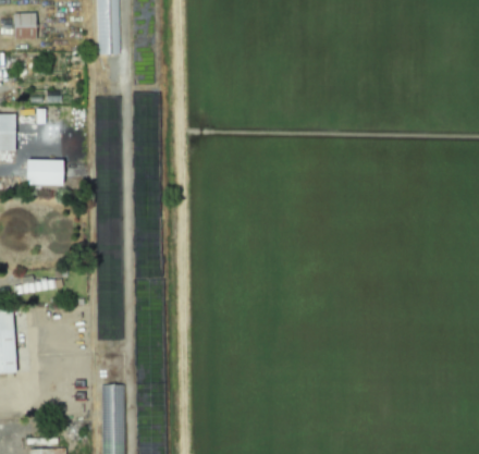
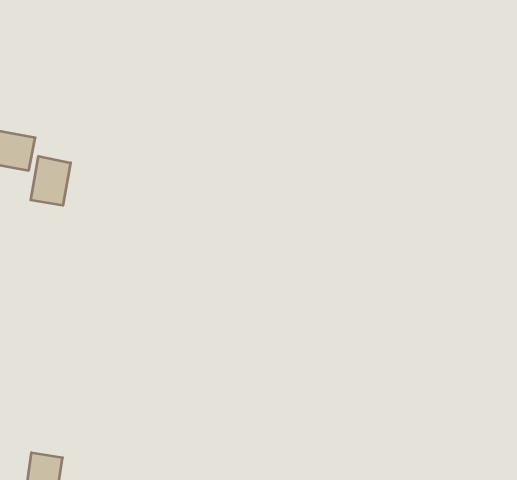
building: none -> [31,156,71,205]

